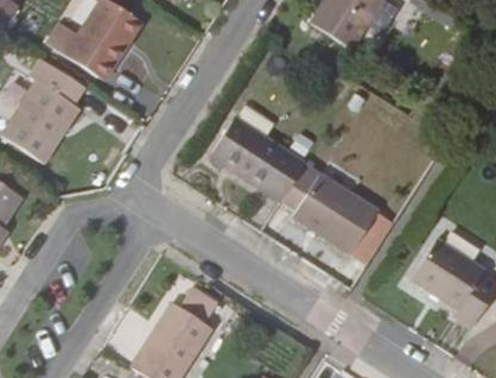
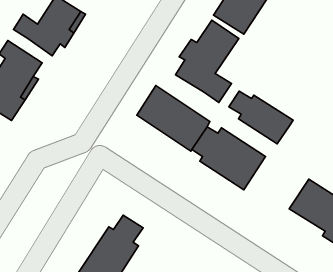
building: none -> [176,20,239,102]
building: none -> [229,91,293,144]

